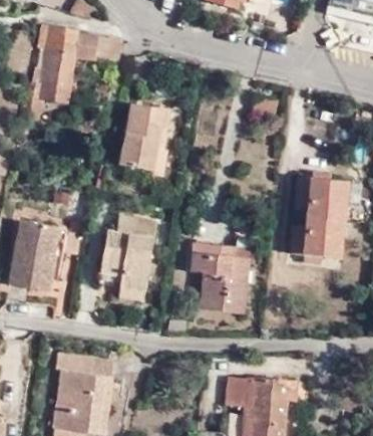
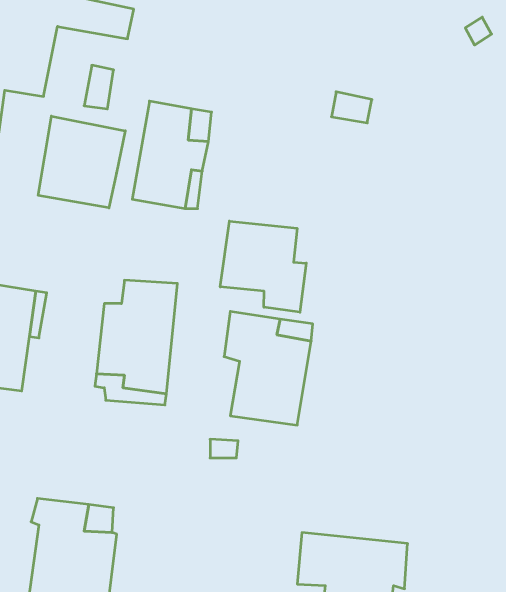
building: none -> [38,116,125,208]
building: none -> [220,221,306,312]
building: [295,181,355,267] -> none

